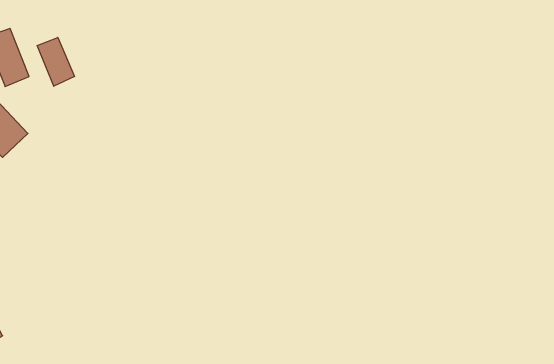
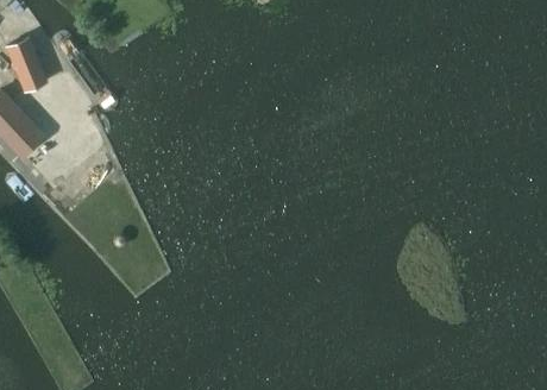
building: [37,37,74,86] -> none

